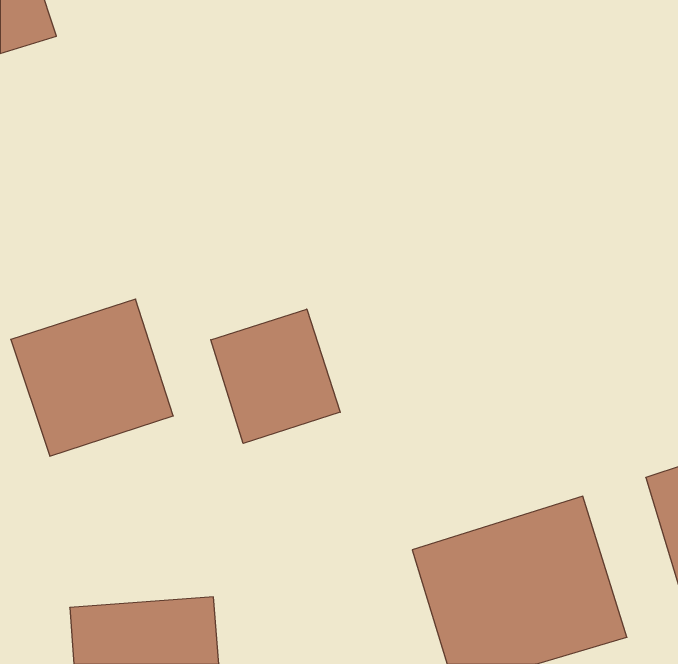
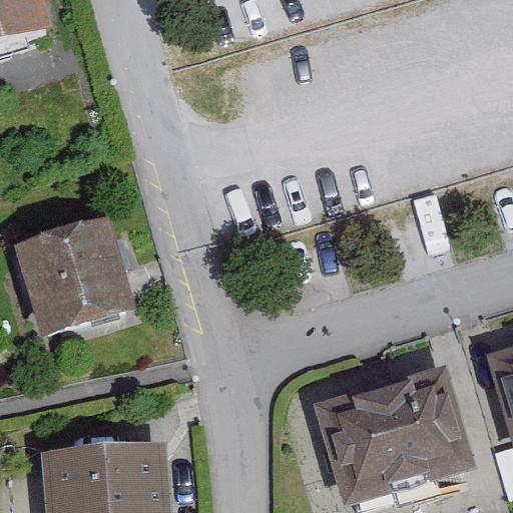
building: [211,309,340,443] -> none

